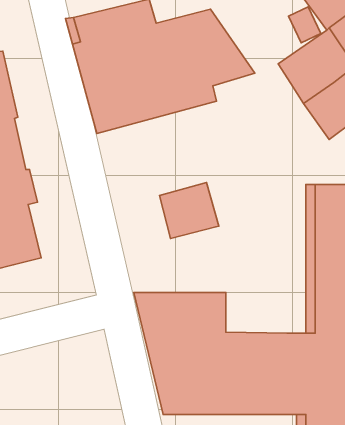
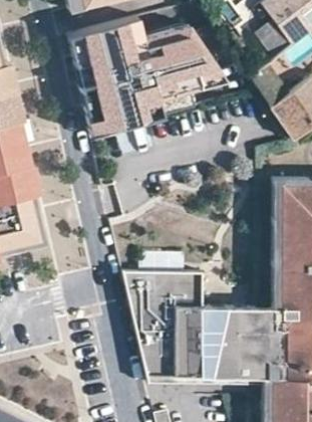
building: [159,183,219,239] -> none

